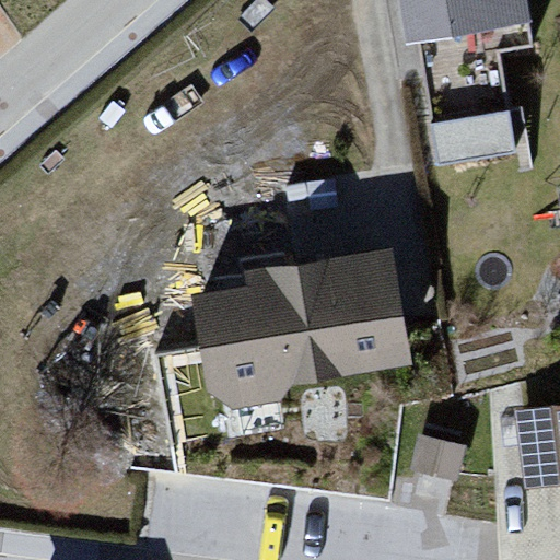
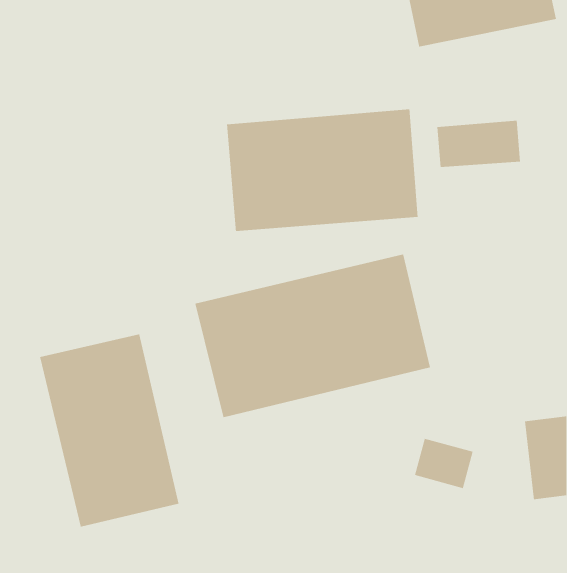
building: none -> [226,108,418,232]
building: none -> [39,333,179,527]

